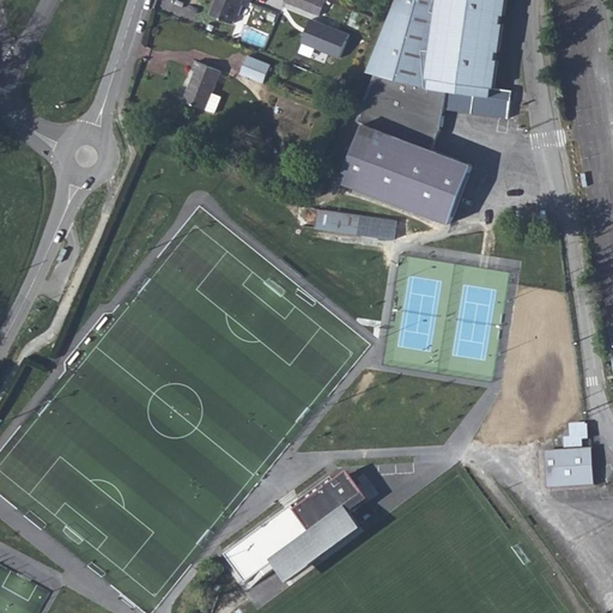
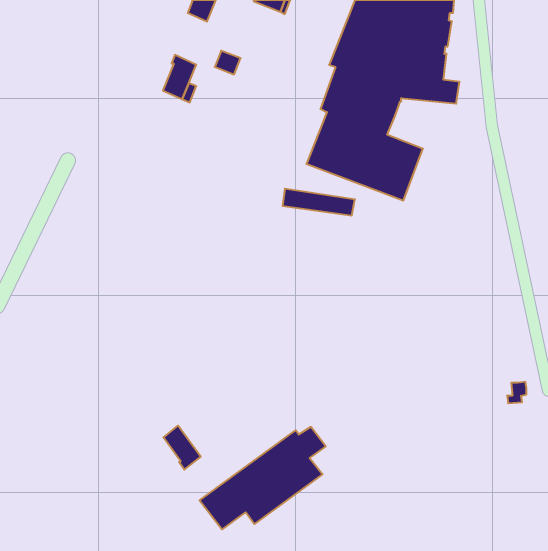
building: [305,22,347,59] -> none
building: [541,453,590,485] -> none
building: none -> [163,426,201,470]

